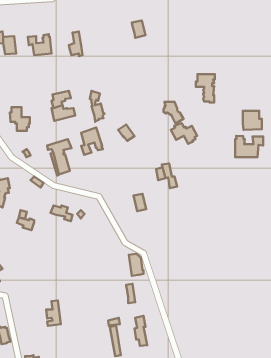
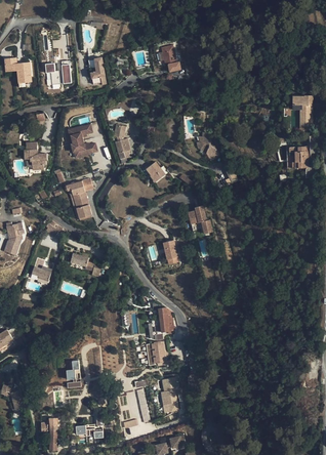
building: [196,74,215,102] -> [291,95,313,127]
building: [171,123,197,144] -> none
building: [81,128,103,155] -> none
building: [235,136,263,157] -> none

